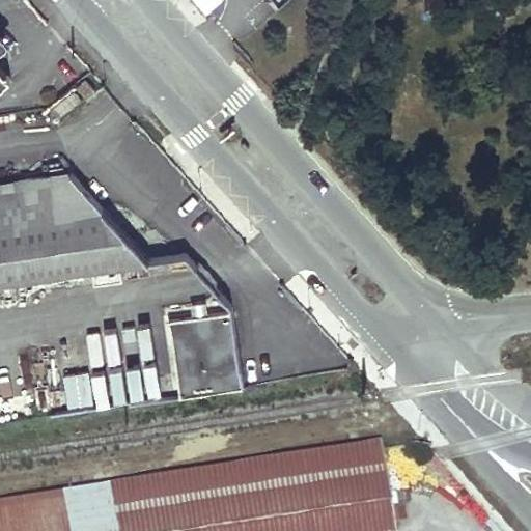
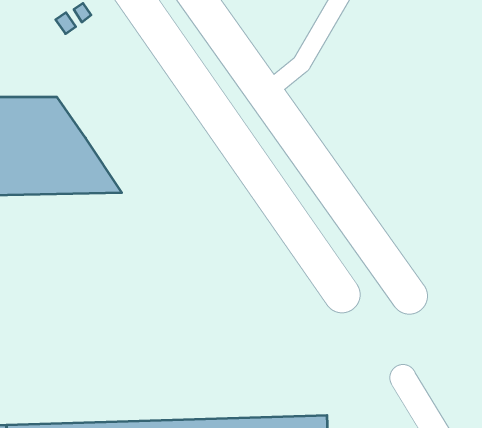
building: [167,310,241,396] -> none

